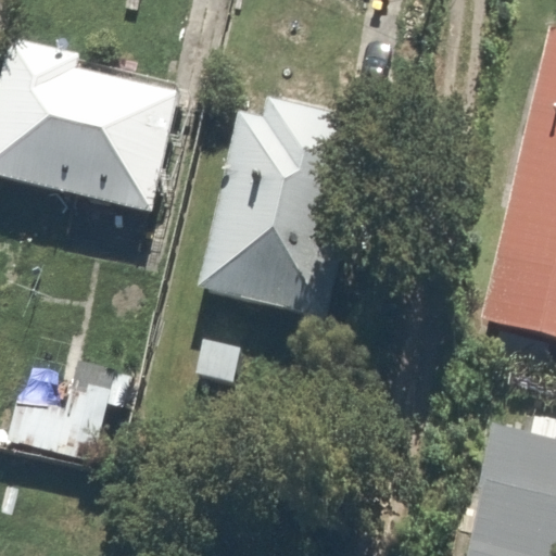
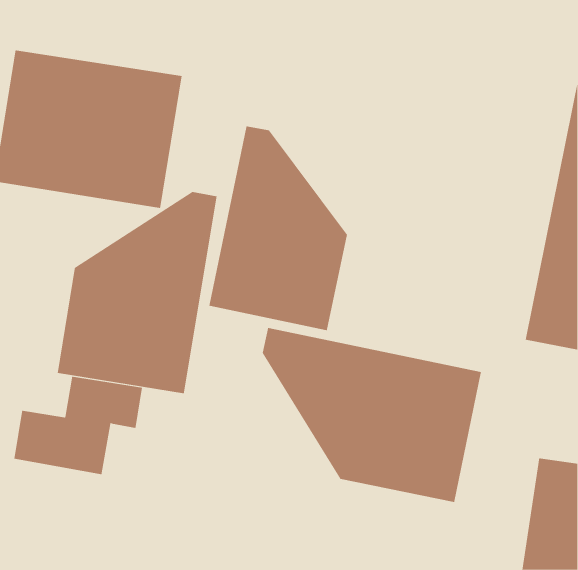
building: none -> [57,191,217,394]
building: none -> [262,327,481,503]

